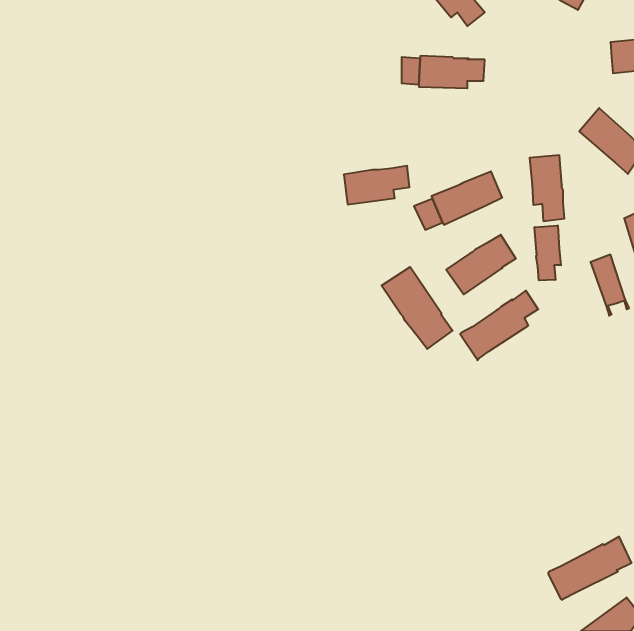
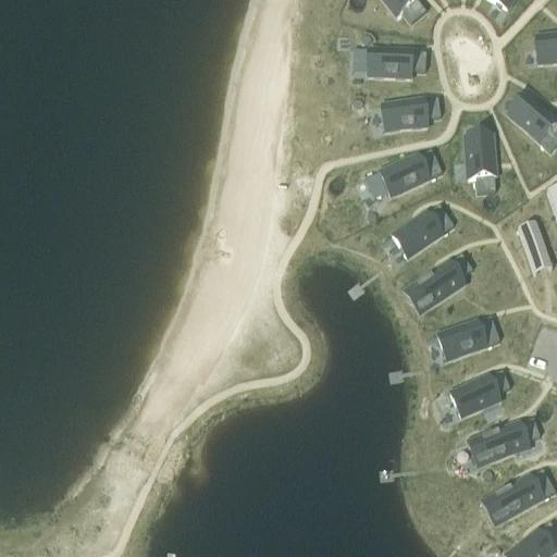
building: [344,166,410,204] -> [382,98,440,132]
building: [535,225,561,280] -> none
building: [382,267,453,349] -> none
building: none -> [436,318,498,361]
building: none -> [449,372,509,418]
building: none -> [468,419,540,467]

